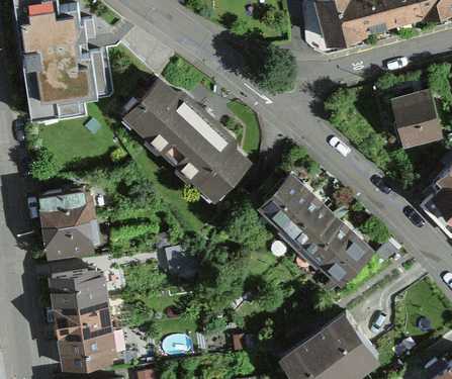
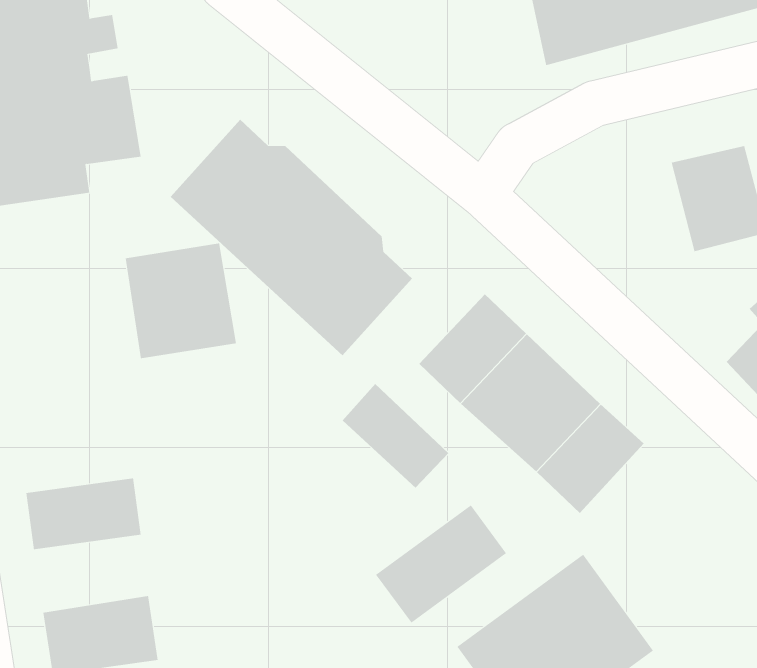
building: [37,198,97,260] -> [125,243,237,359]
building: none -> [342,383,449,489]
building: none -> [375,505,507,623]
building: [51,300,112,342] -> none

